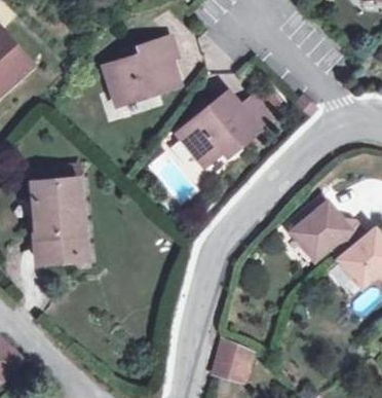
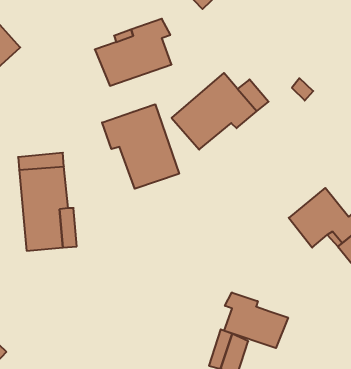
building: none -> [102,104,179,189]
building: none -> [224,292,288,348]

